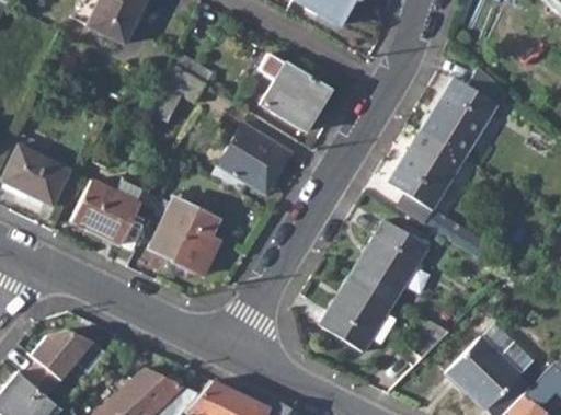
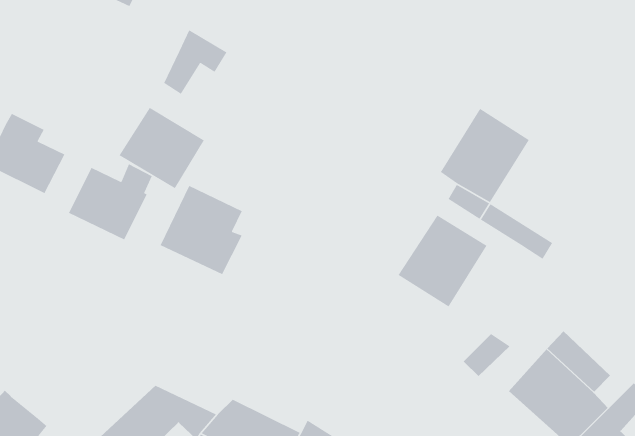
building: [256,55,329,130] -> none
building: [422,69,503,159] -> none
building: [218,123,291,193] -> [119,107,205,189]
building: [320,274,396,354] -> none
building: [23,328,92,395] -> none

